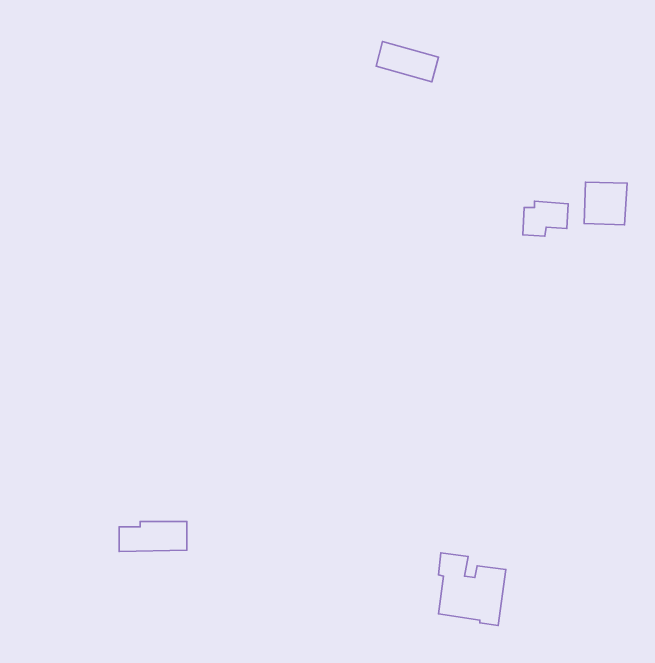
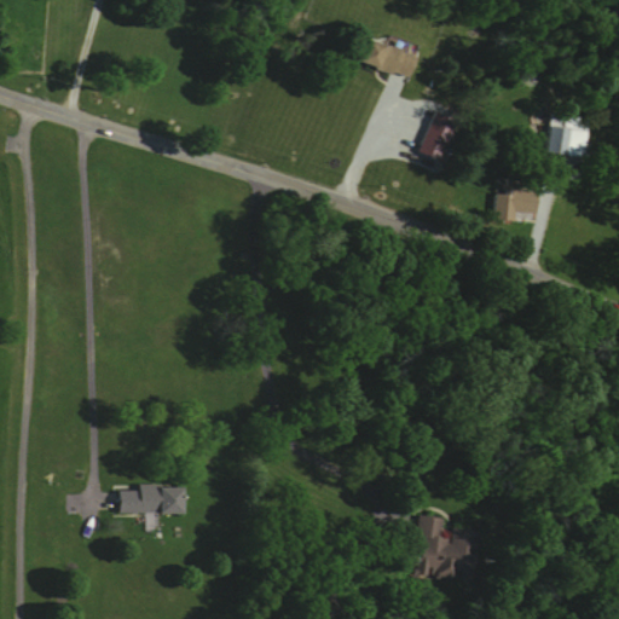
building: none -> [418,112,457,162]
building: [584,182,627,225] -> [548,115,588,155]

